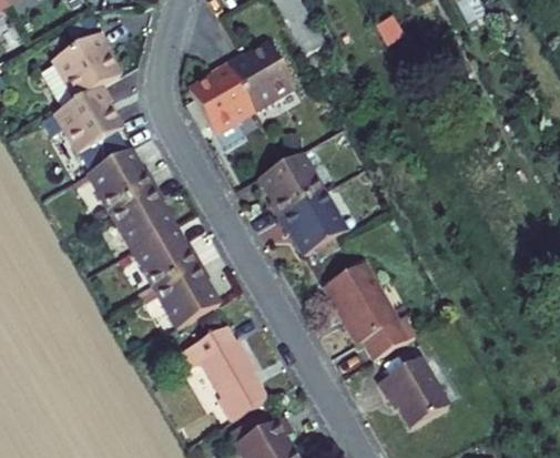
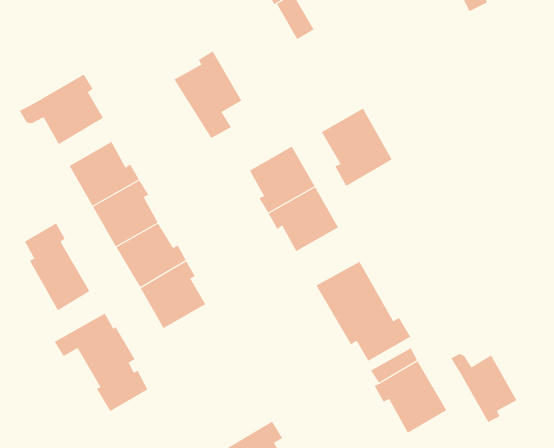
building: [40,31,120,108] -> none
building: [225,43,294,110] -> none
building: none -> [321,108,393,187]
building: none -> [24,222,90,311]
building: [177,325,267,419] -> [54,313,148,412]
building: none -> [451,353,517,423]

